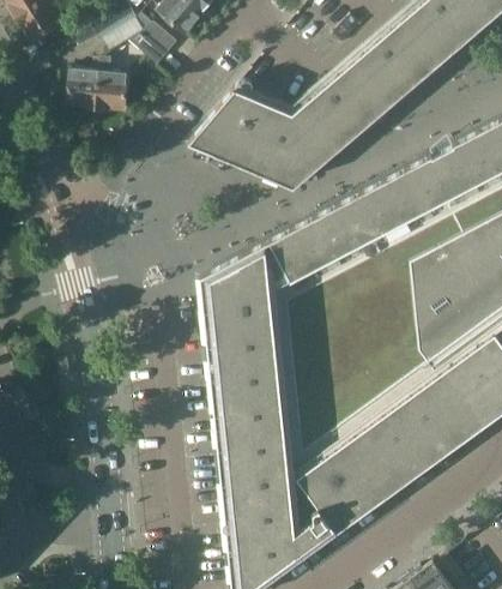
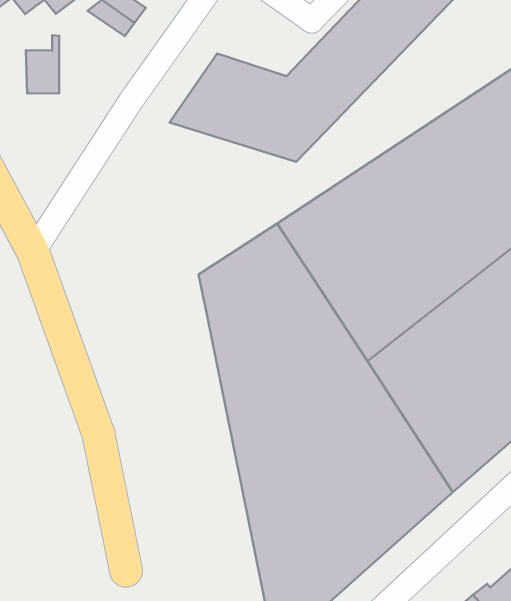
building: [97,59,128,113] -> none

